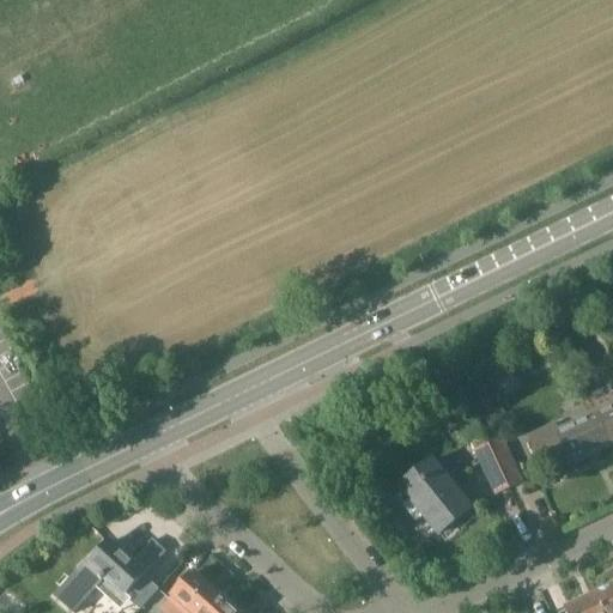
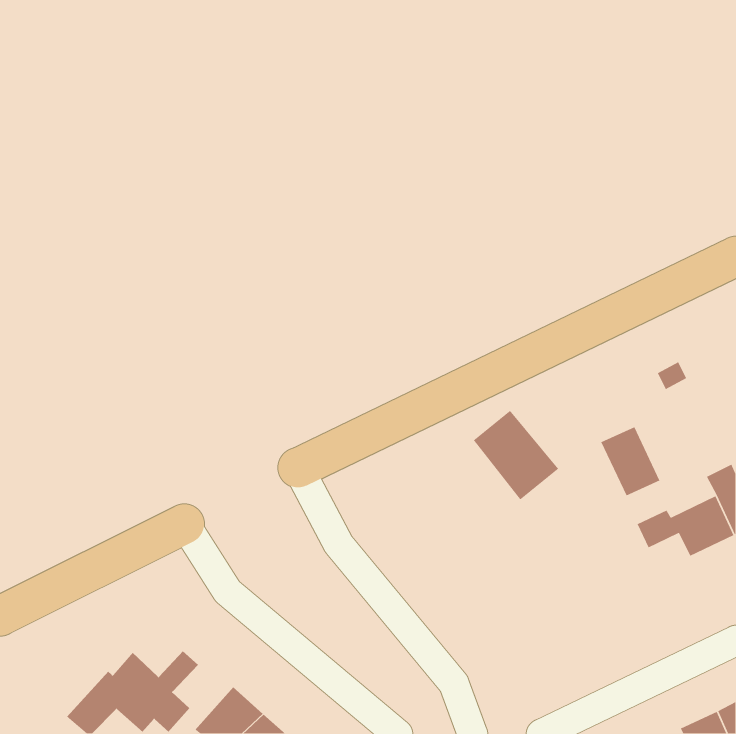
building: [472,438,522,497] -> [600,426,661,497]
building: [400,460,472,535] -> [473,410,559,500]

